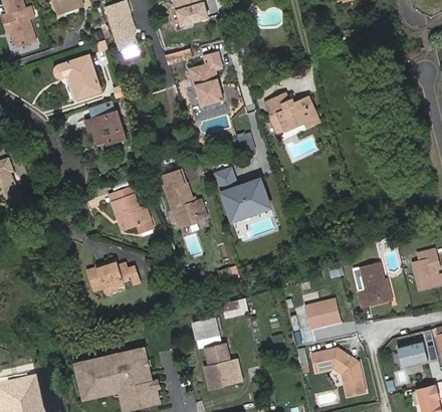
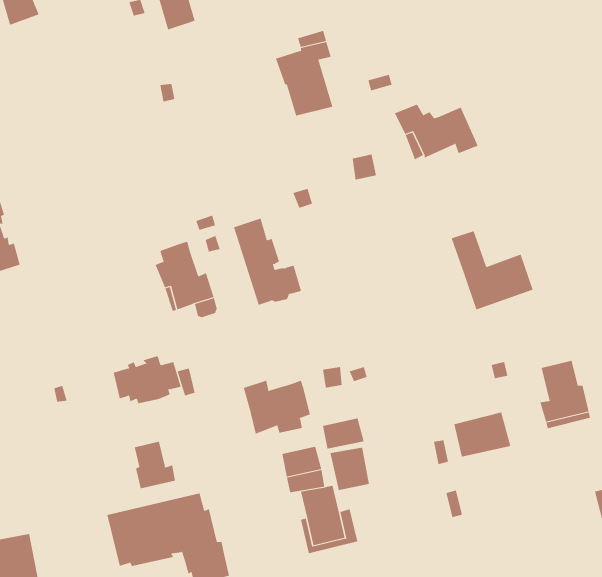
building: [55,56,101,102] -> none
building: [86,107,130,144] -> none
building: [217,169,270,220] -> [451,230,534,310]
building: none -> [243,380,310,434]
building: none -> [134,441,176,489]
building: none -> [330,447,370,491]
building: [310,348,365,396] -> none

